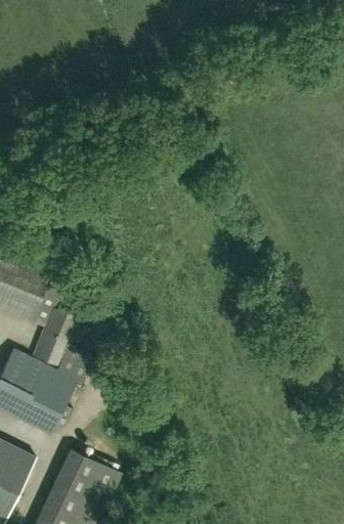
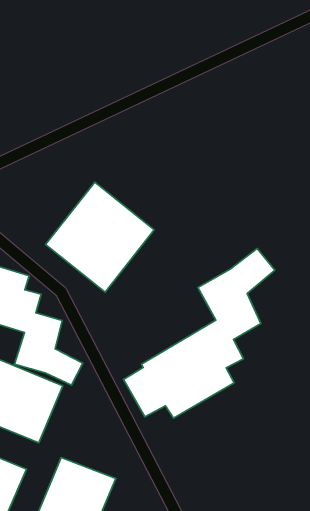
building: none -> [46,182,154,292]
building: none -> [124,249,275,418]

